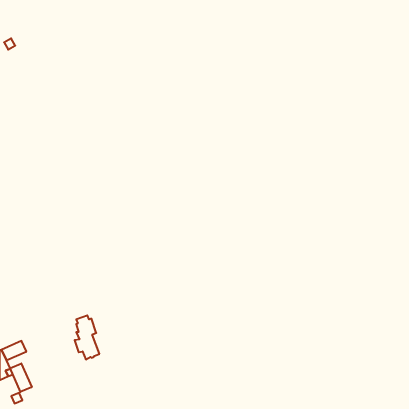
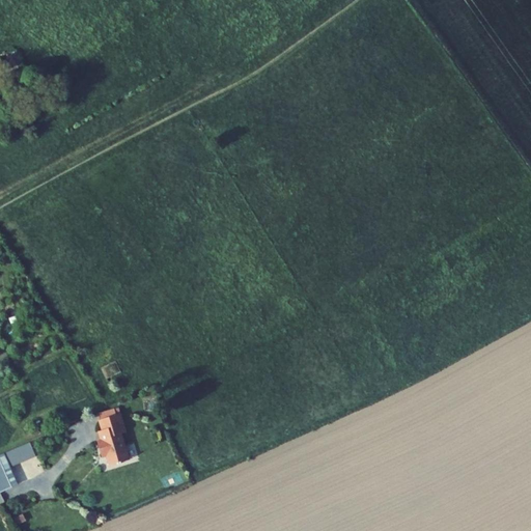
building: [10,363,32,392] -> none

